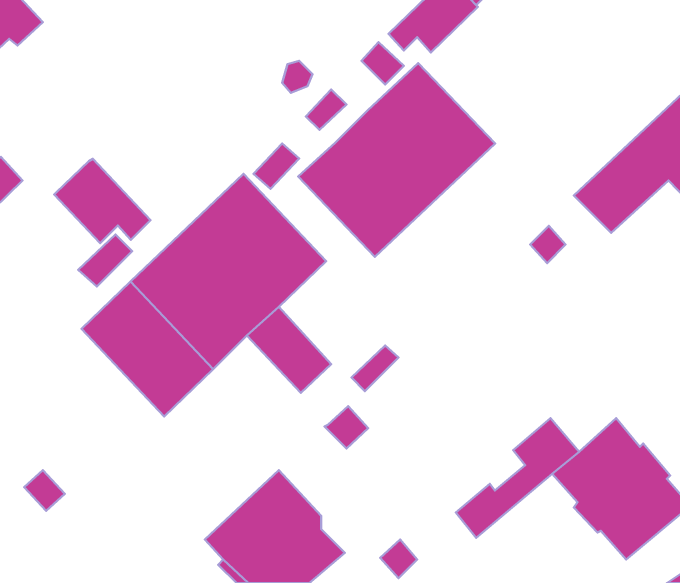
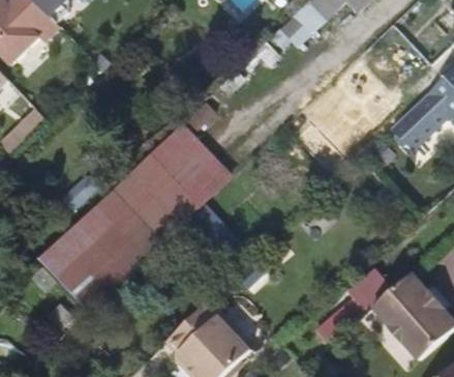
building: [298,63,495,257] -> none
building: [54,159,151,243] -> none
building: none -> [38,215,133,311]

